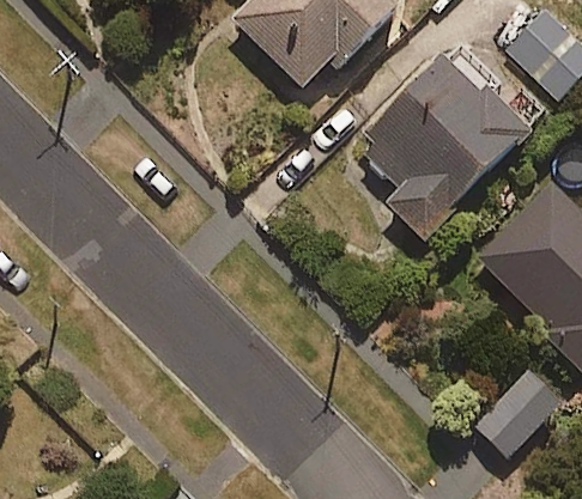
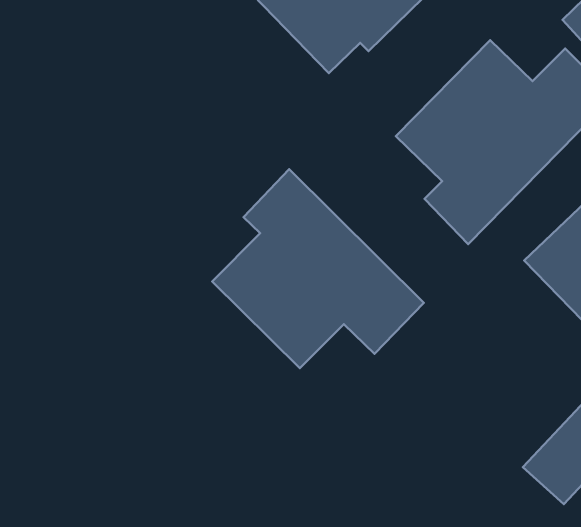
building: none -> [212,169,424,368]

